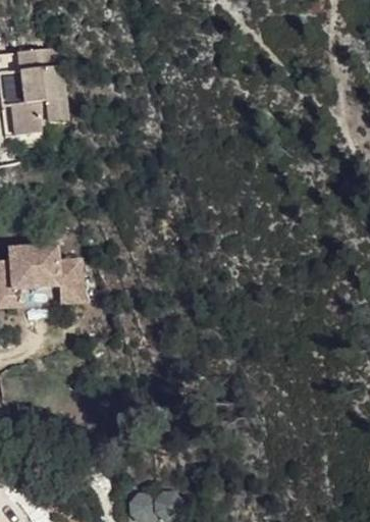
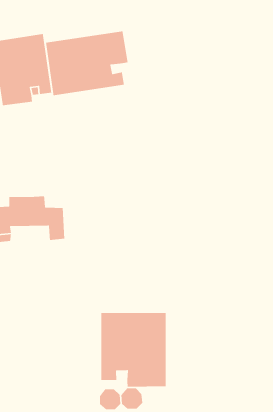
building: none -> [45,31,129,96]
building: none -> [100,312,167,388]

